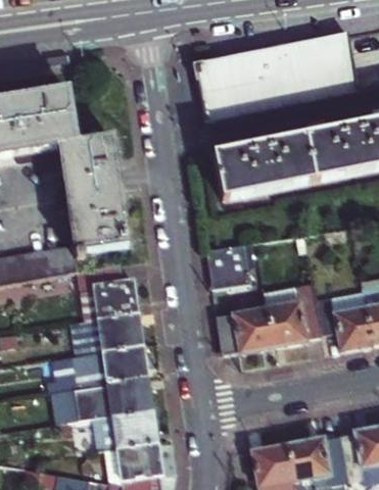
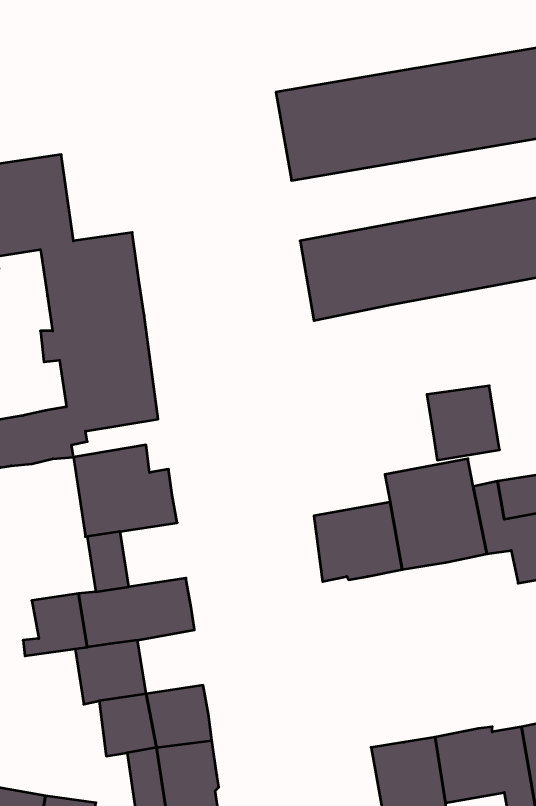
building: [208,242,251,286] -> [427,386,500,460]
building: [104,313,143,351] -> none
building: [114,377,153,414] -> none
building: [47,388,83,425] -> none

